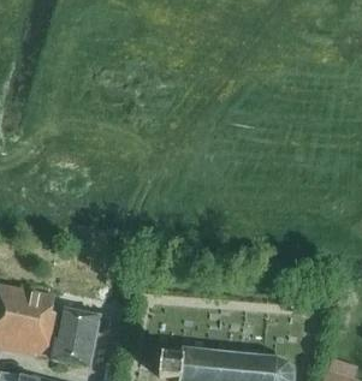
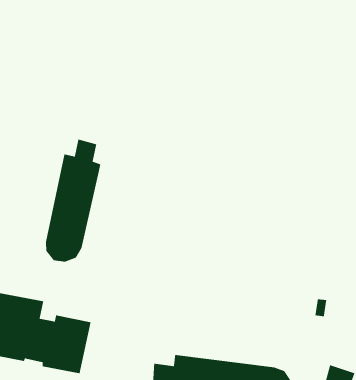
building: none -> [45,139,101,263]

